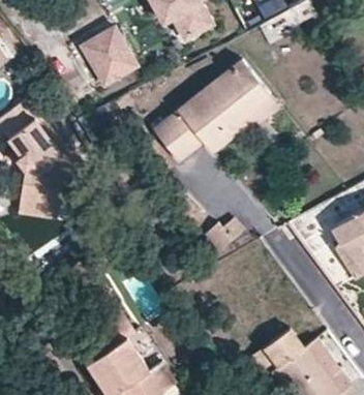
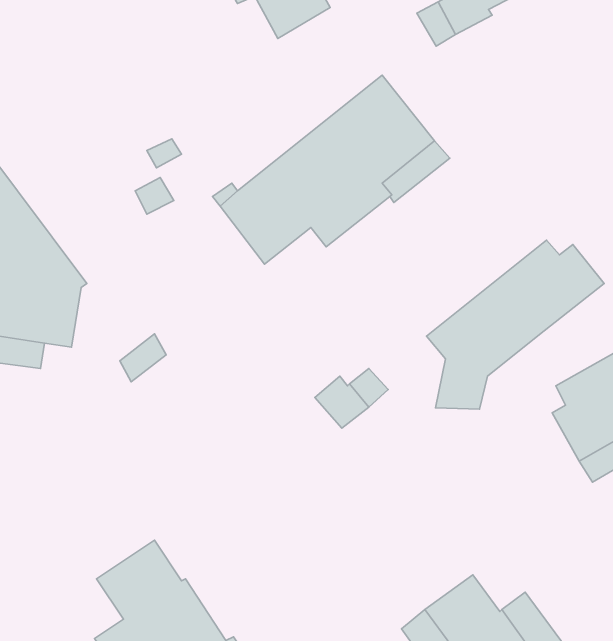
building: [81,28,137,86] -> none
building: none -> [426,240,604,409]

